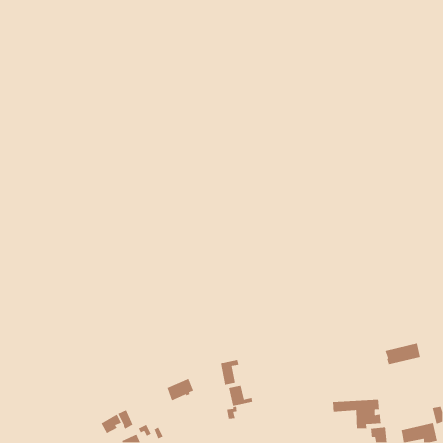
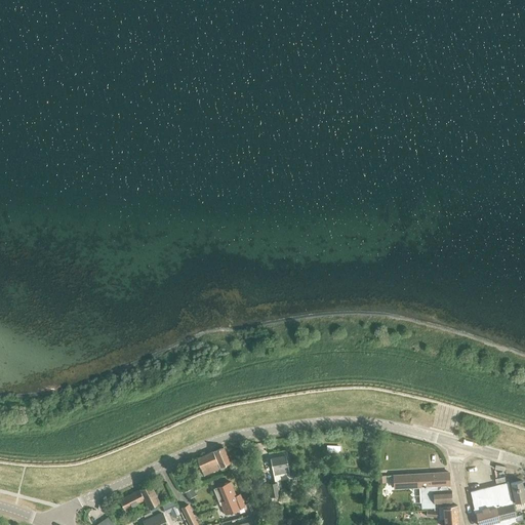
building: [385,343,421,365] -> [470,482,513,509]
building: [220,359,239,386] -> none
building: none -> [213,482,245,512]

